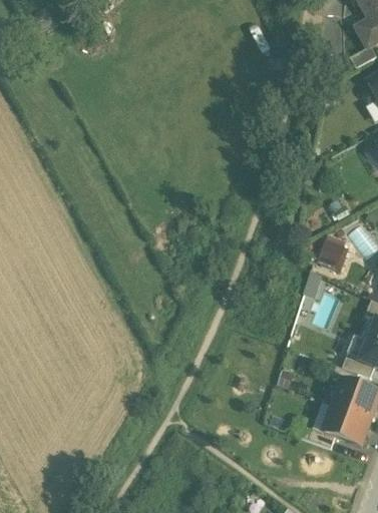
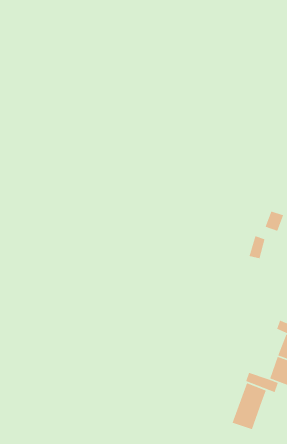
building: none -> [232,382,267,430]

